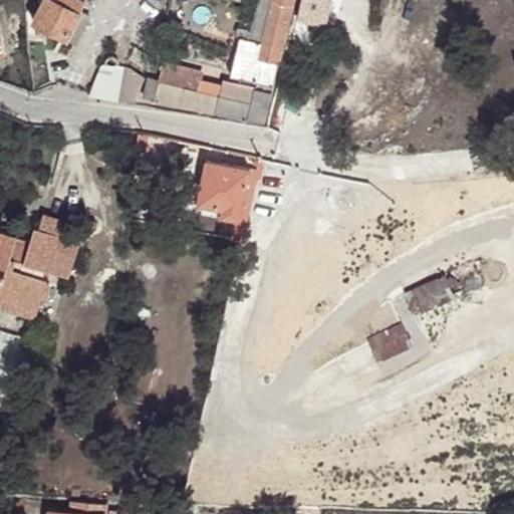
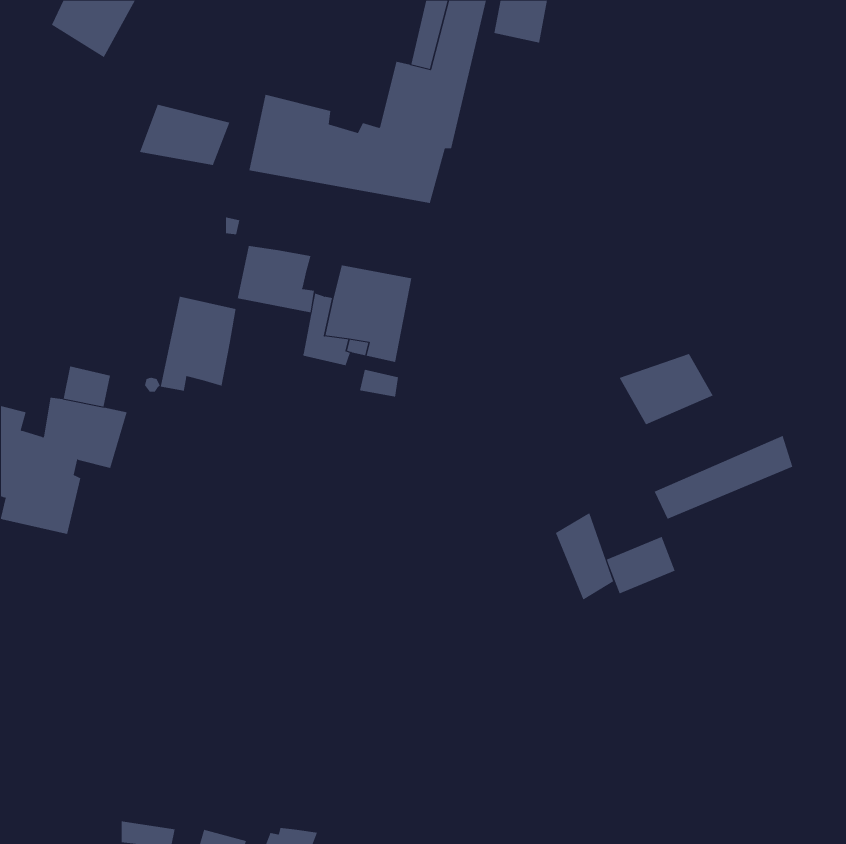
building: none -> [237,245,315,313]
building: none -> [160,296,236,392]
building: none -> [619,353,714,425]
building: none -> [555,512,614,601]

